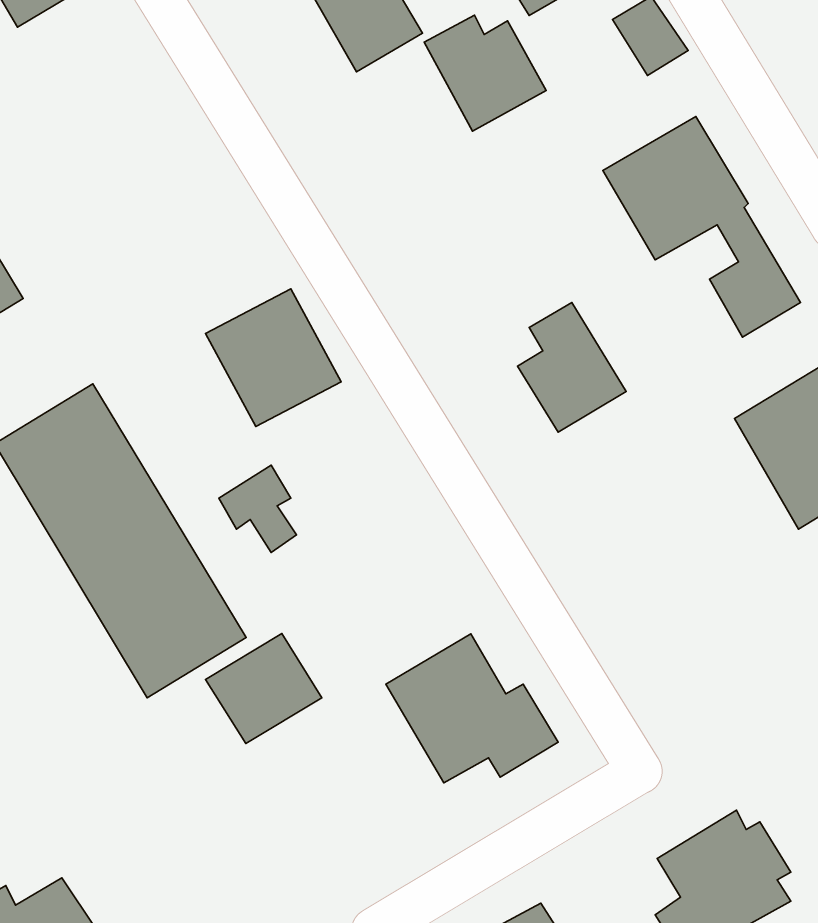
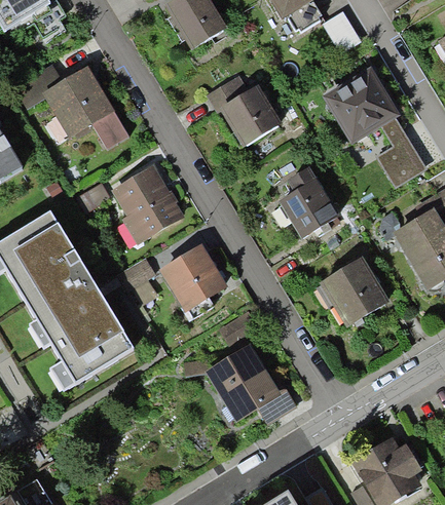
building: [424,15,546,131] -> [216,86,281,148]
building: none -> [12,56,126,144]
building: none -> [161,247,228,314]
building: none -> [321,258,387,324]
building: [206,633,322,744] -> none

